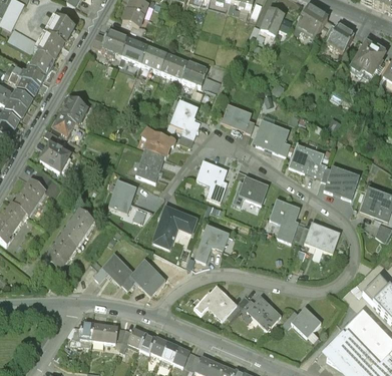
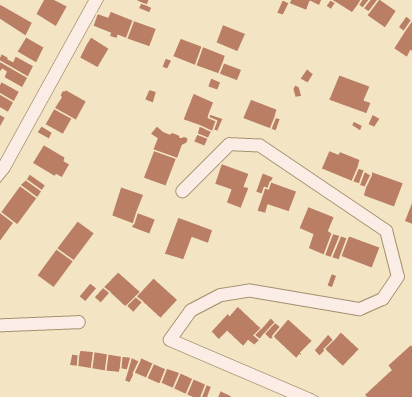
building: [35,35,61,62] -> [79,37,110,68]
building: [141,46,167,70] -> [216,24,246,52]
building: [253,122,290,156] -> [328,75,372,114]
building: [194,226,229,262] -> none

